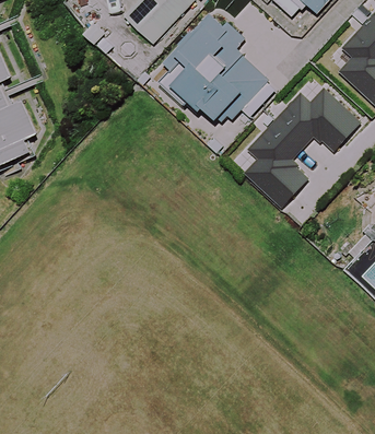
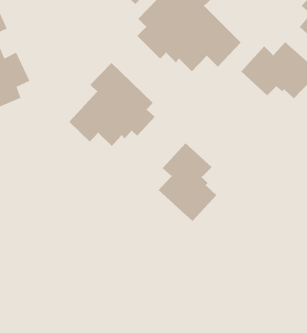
building: none -> [69,62,155,147]
building: [243,121,308,209] -> [158,143,217,222]

